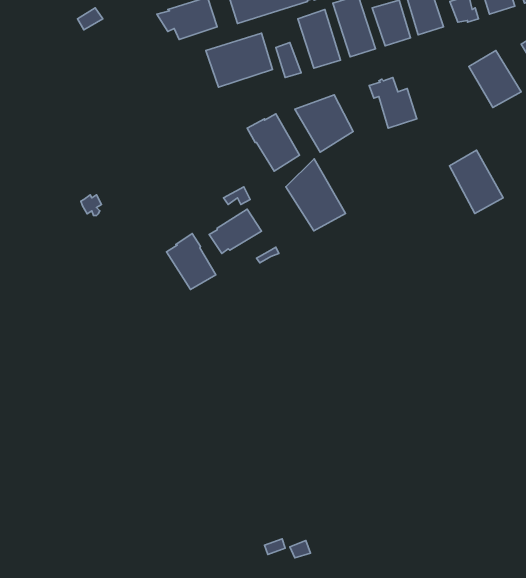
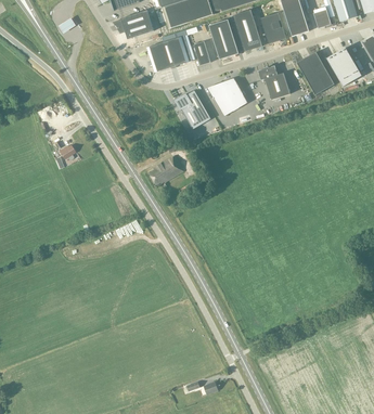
building: [449,150,503,214] -> [297,51,334,94]
building: [286,159,346,231] -> none
building: [166,234,216,290] -> none

